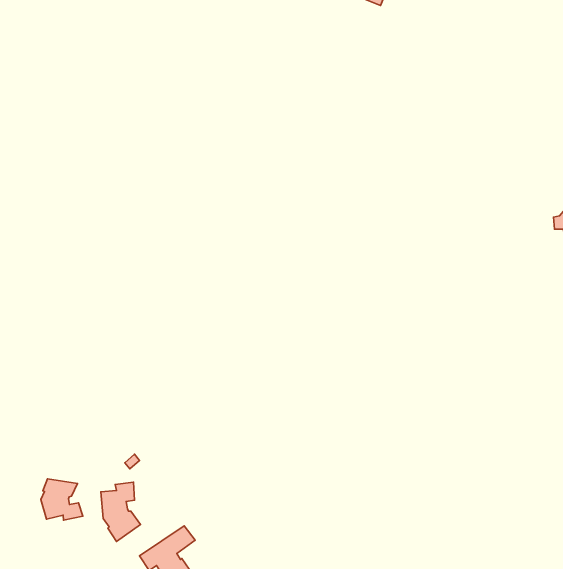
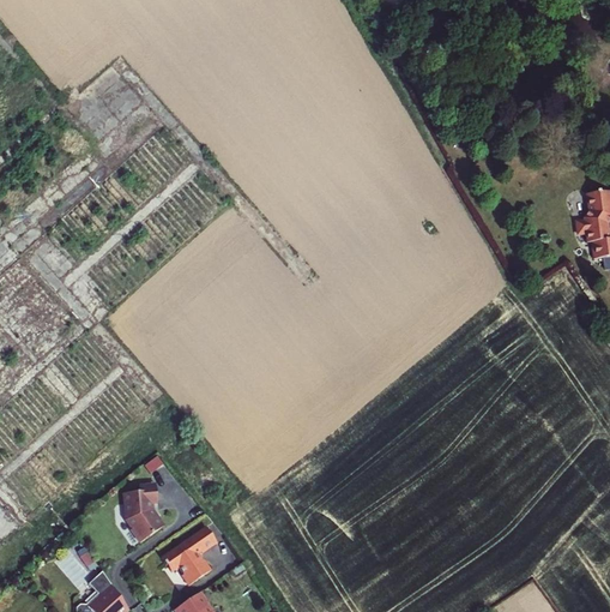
building: [41,479,83,520] -> none

